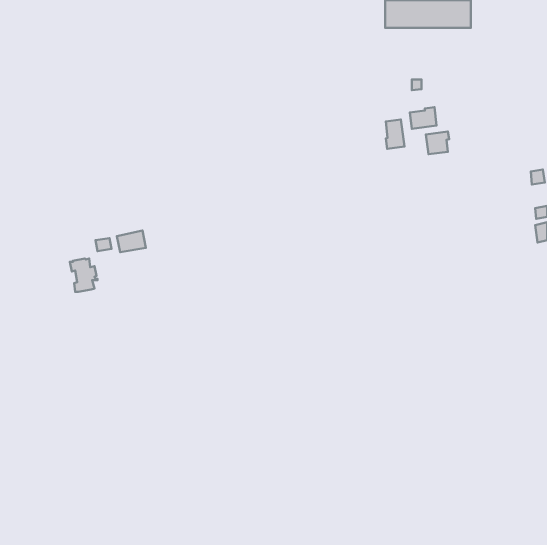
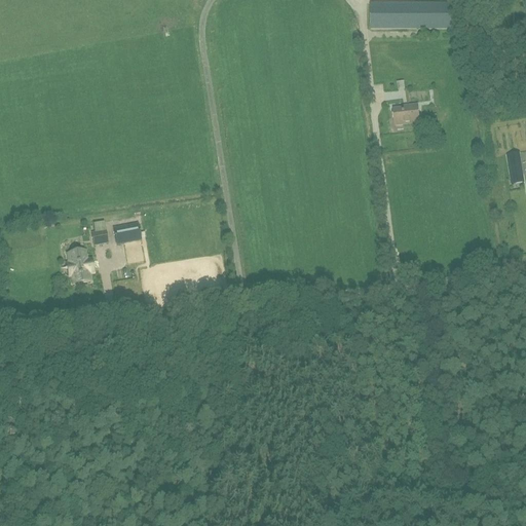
building: [386,119,404,149] -> none
building: [426,131,449,154] -> none

